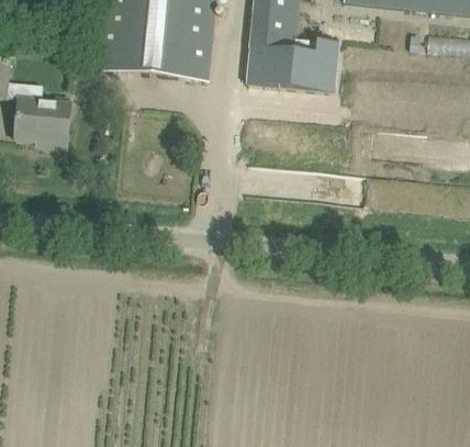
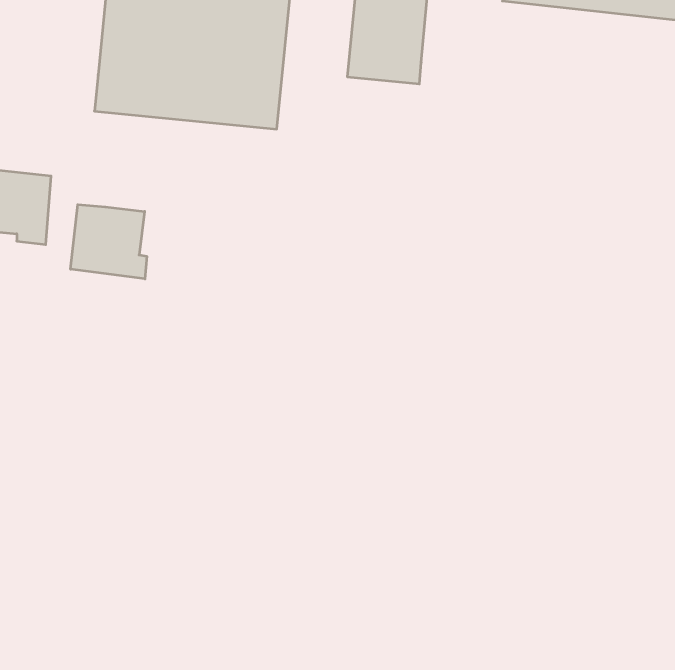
building: [246,38,337,92] -> none
building: none -> [71,205,147,279]

